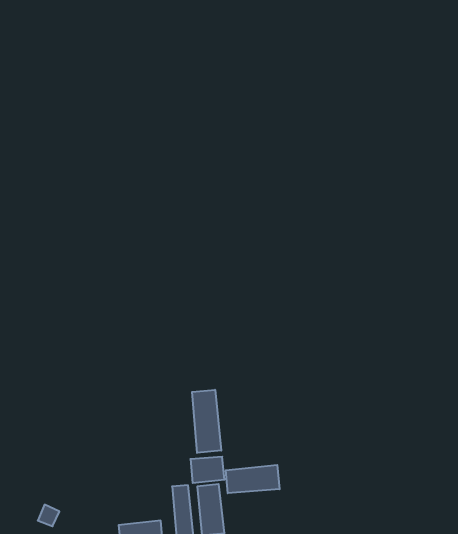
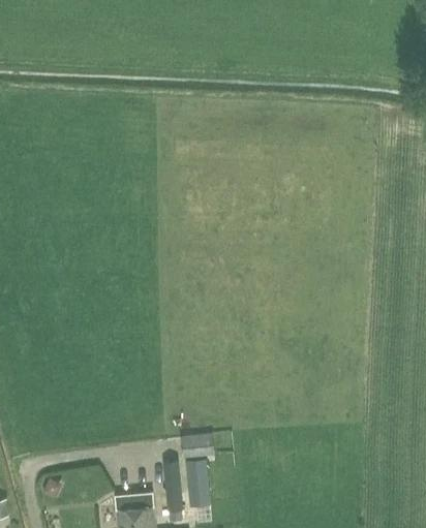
building: [192,390,221,453] -> none
building: [226,465,280,493] -> none

